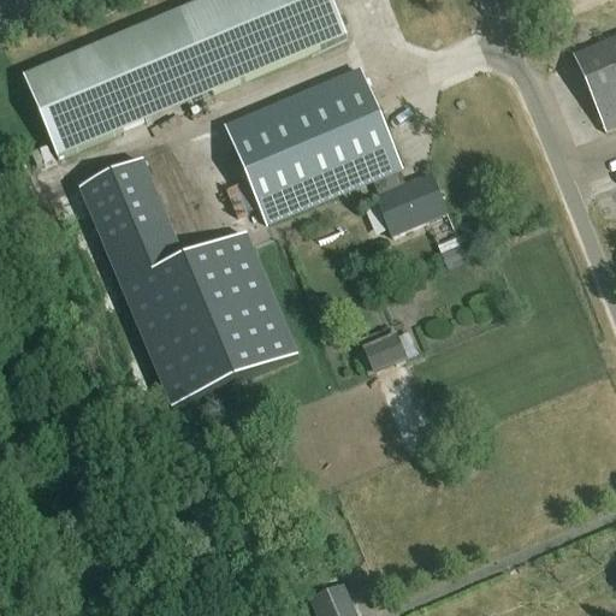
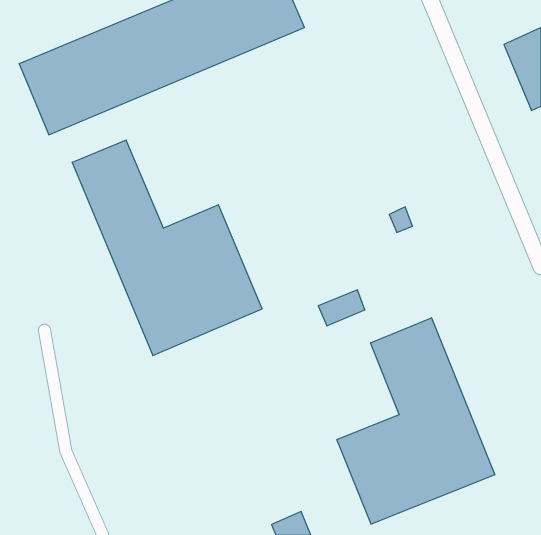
building: [227,72,446,232] -> none
building: none -> [337,318,495,524]

